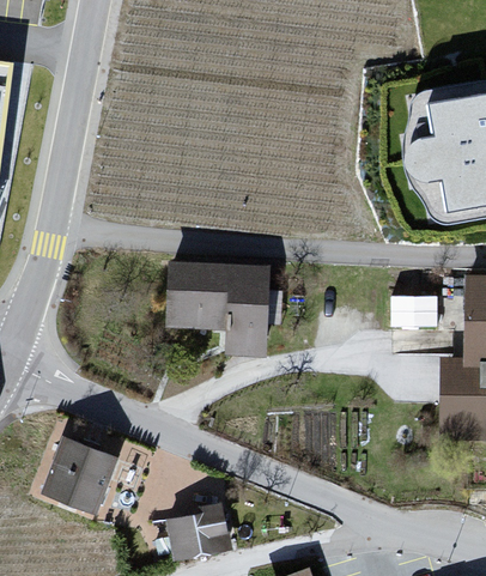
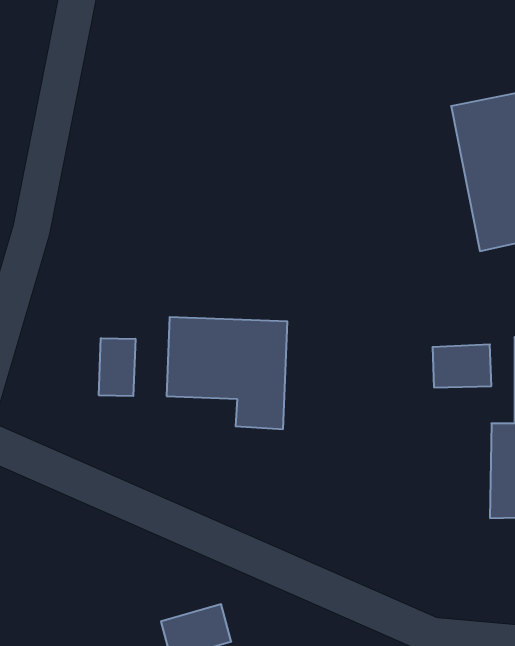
building: none -> [99,338,135,396]
building: [40,441,117,517] -> none

